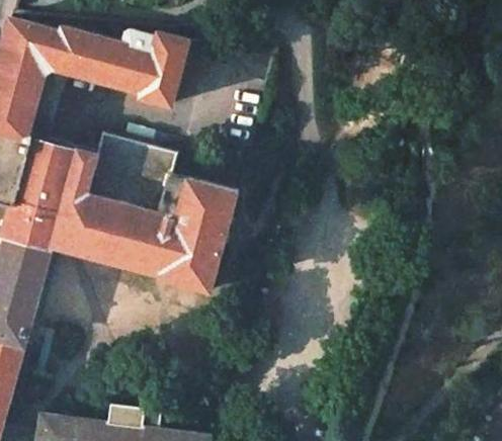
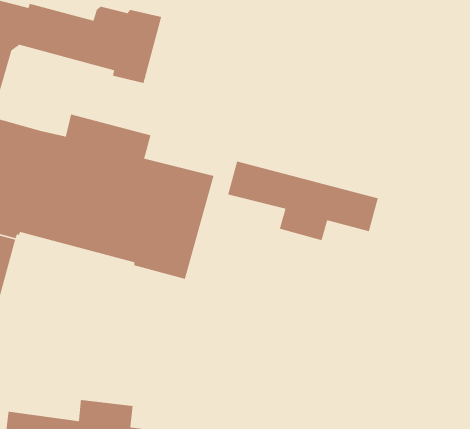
building: none -> [227,160,379,241]

